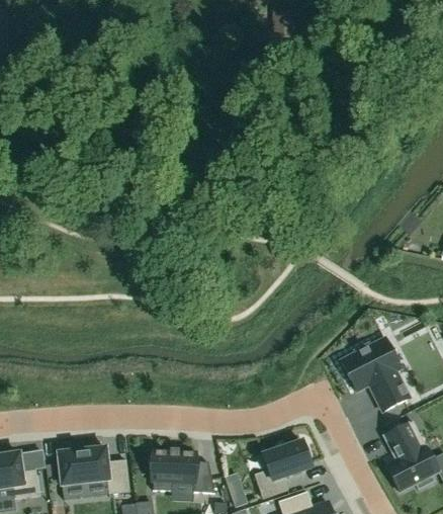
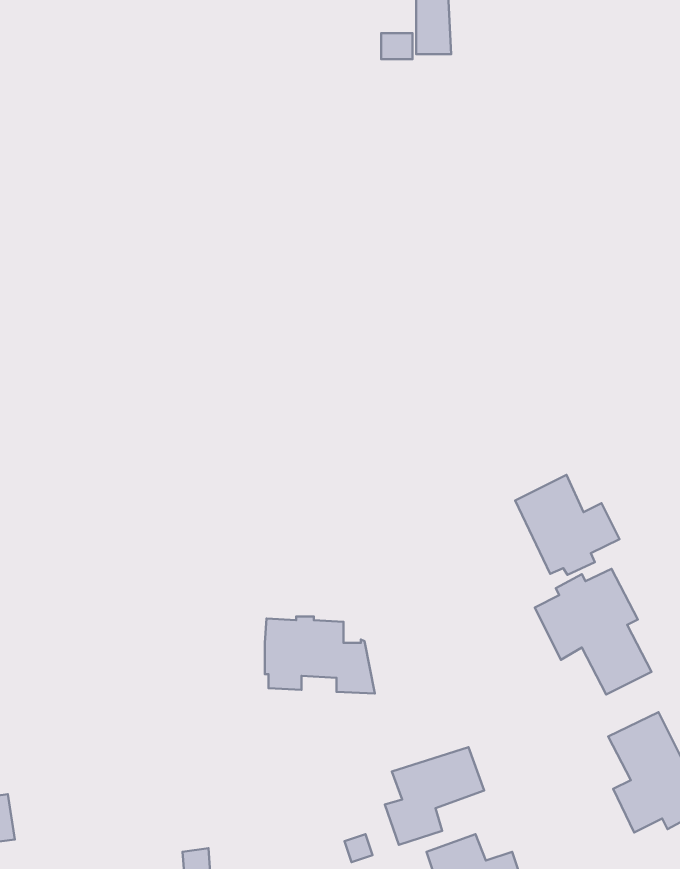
building: none -> [515,475,620,575]
building: [58,446,129,498] -> none
building: [151,447,214,492] -> [265,617,375,693]

